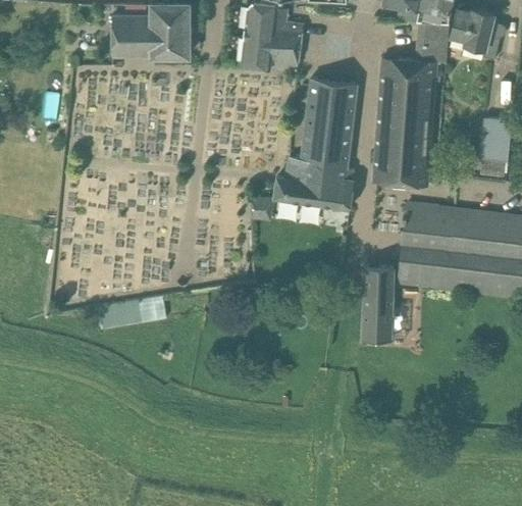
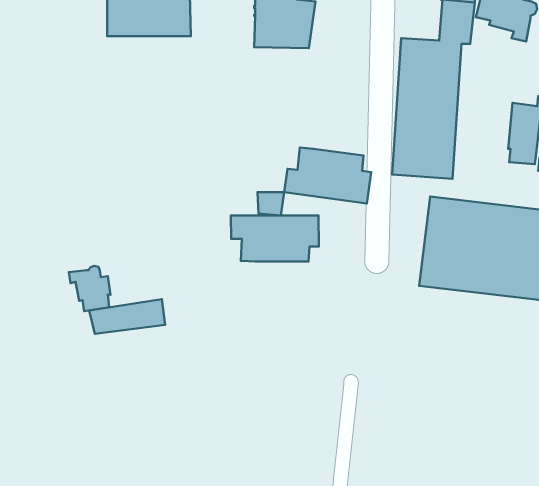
building: [301,79,357,165] -> none
building: none -> [231,216,319,262]
building: none -> [69,266,110,311]
building: [362,266,408,341] -> none

